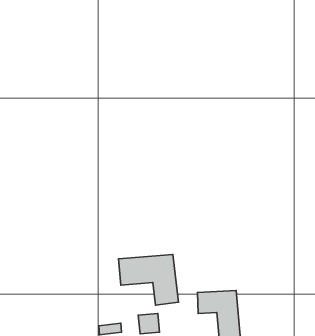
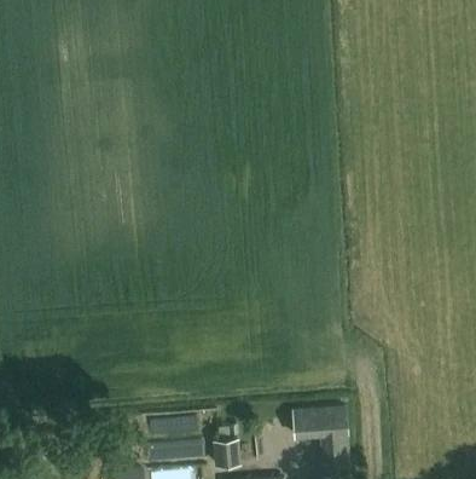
building: [118,254,179,305] -> none

